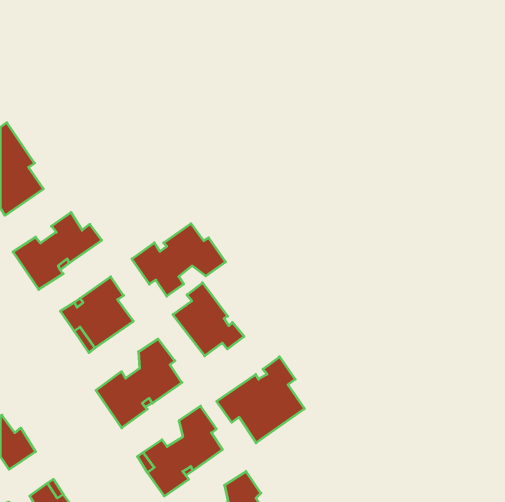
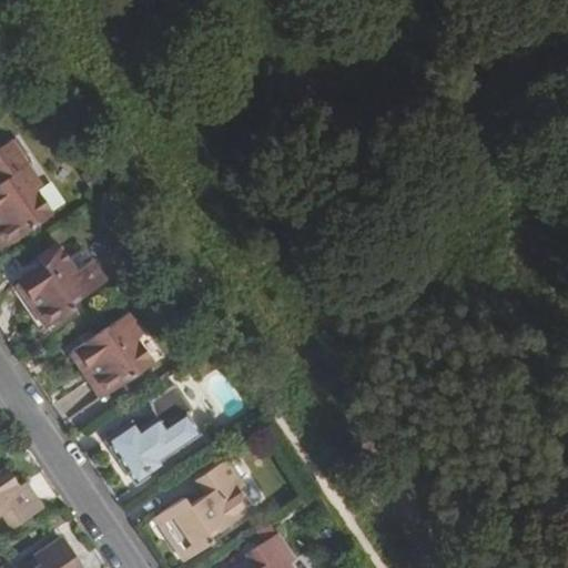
building: [132,224,226,296] -> none
building: [173,283,244,356] -> none
building: [217,357,304,443] -> none

